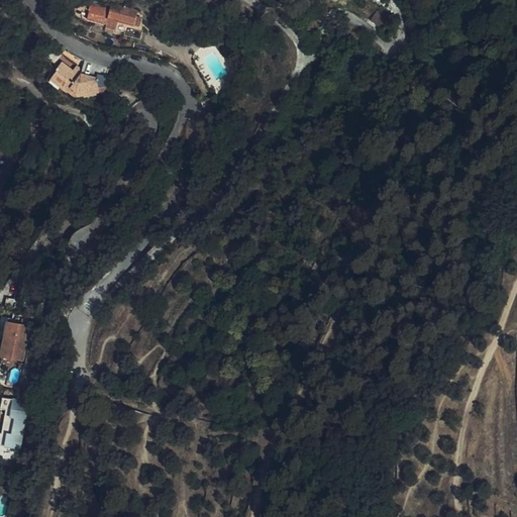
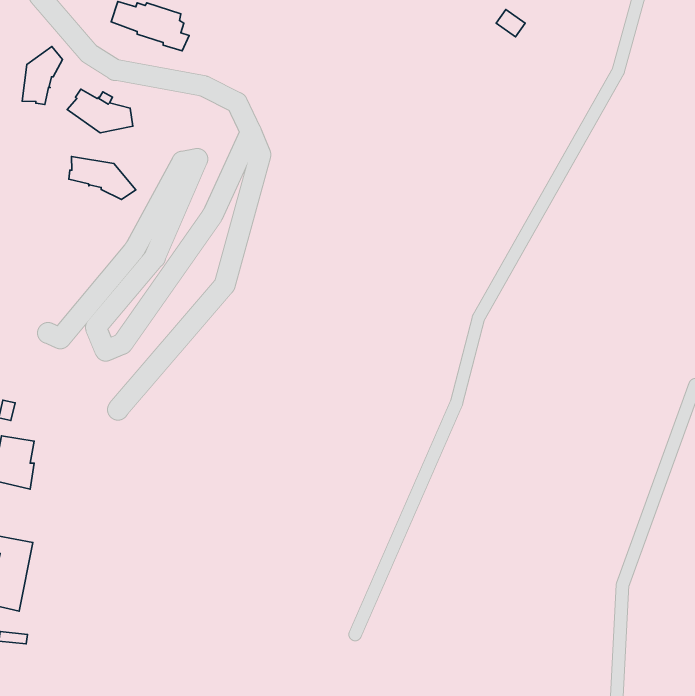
building: none -> [22,47,62,105]
building: none -> [69,157,136,200]

